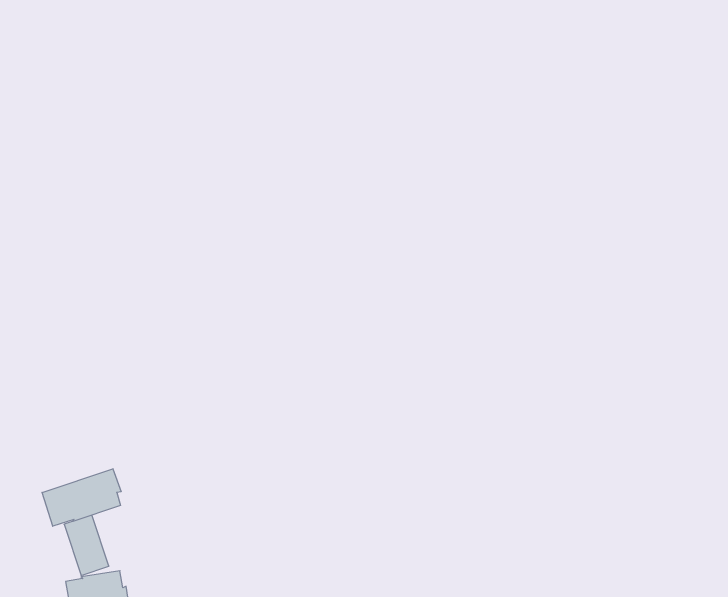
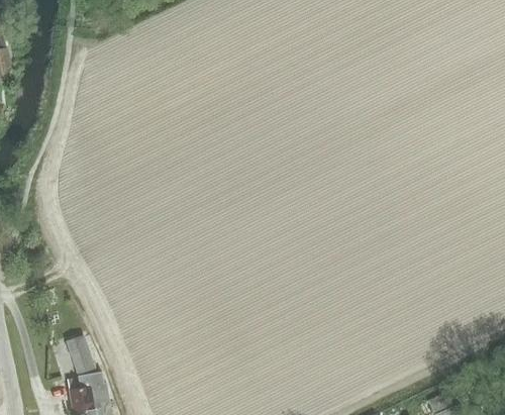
building: [42,469,121,526] -> none

